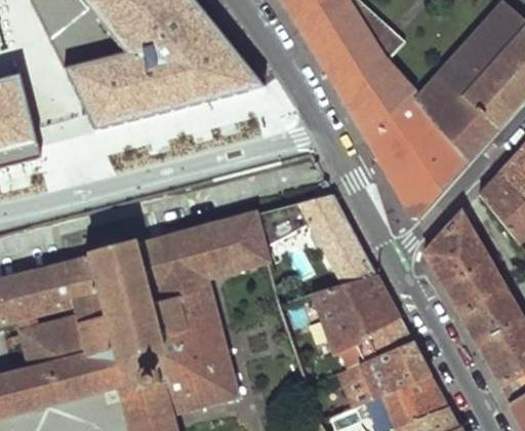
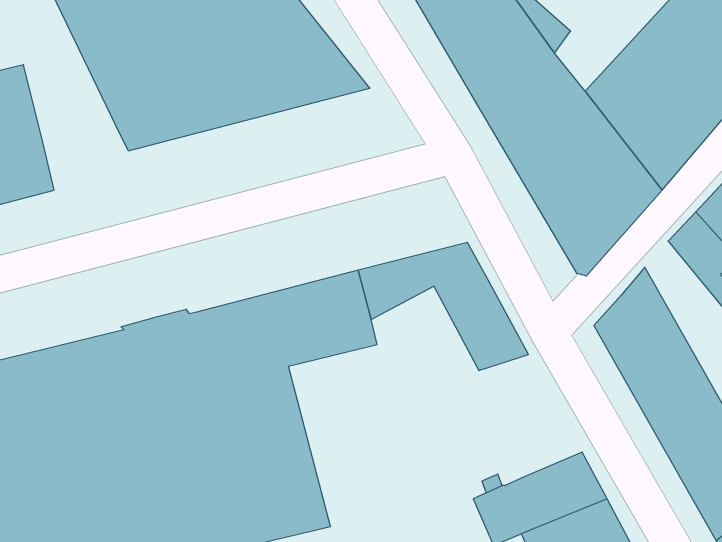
building: [316,274,415,360] -> none

